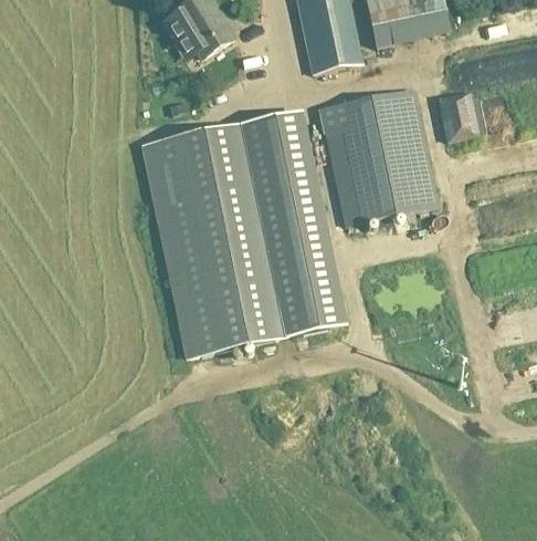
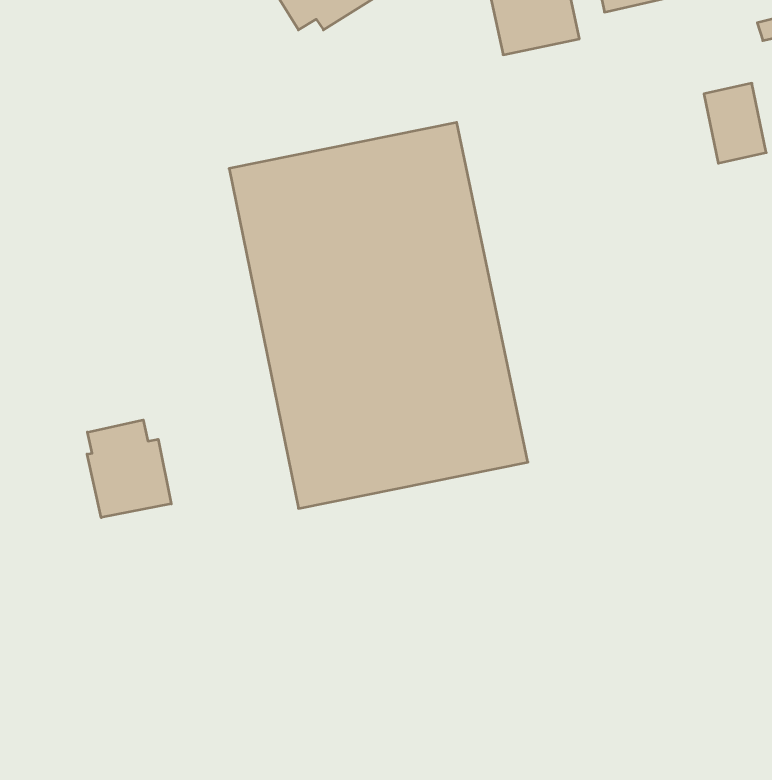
building: [319,89,436,223] -> none
building: none -> [87,420,171,518]

